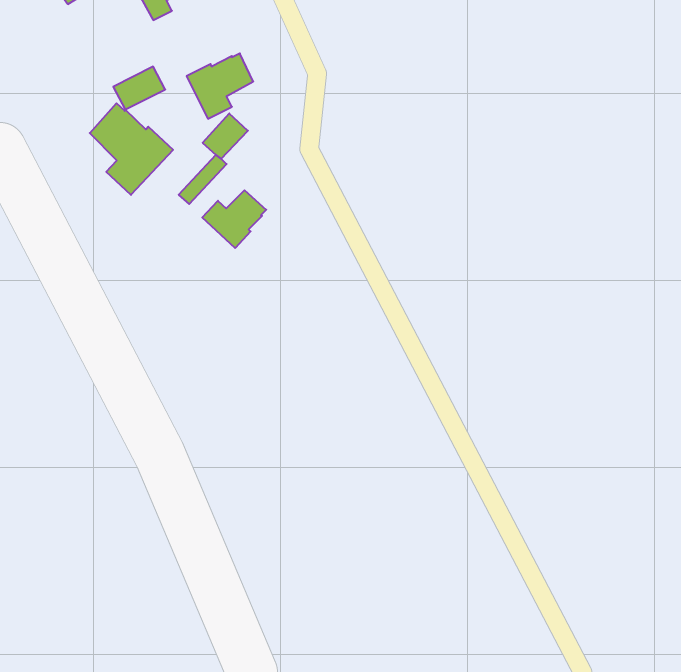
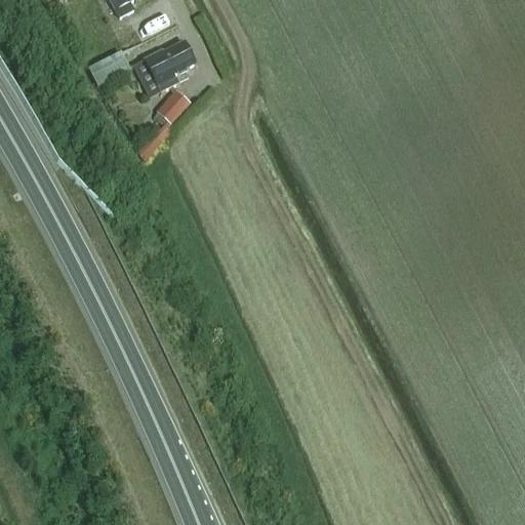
building: [90,103,173,195] -> none
building: [202,190,266,248] -> none

